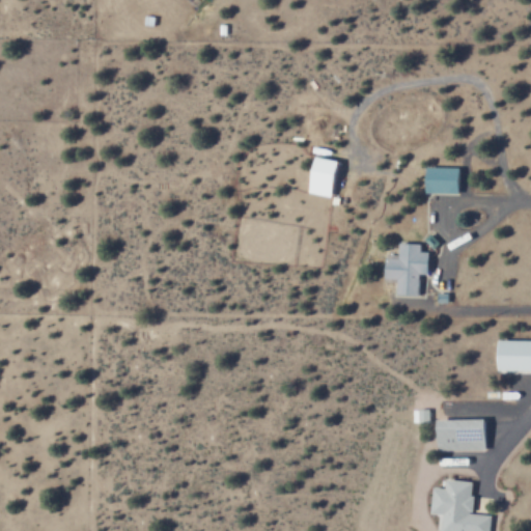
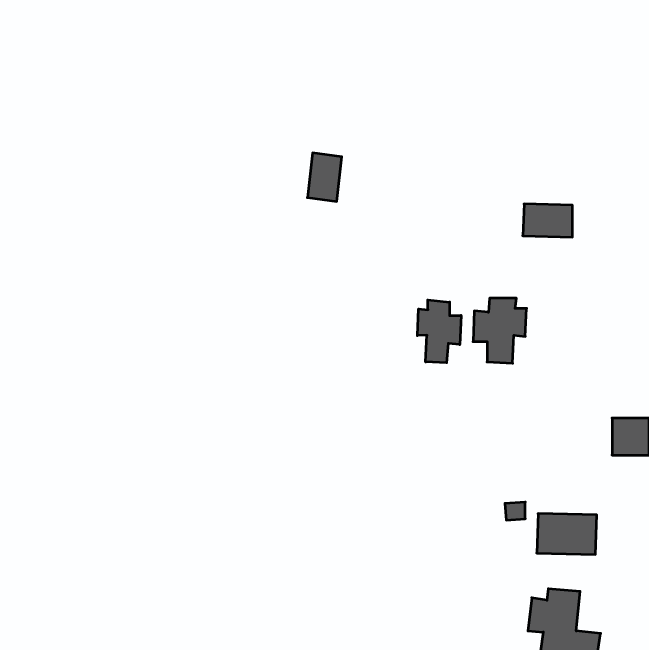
building: [310,158,338,197] -> [307,153,342,201]
building: none -> [417,300,461,363]

